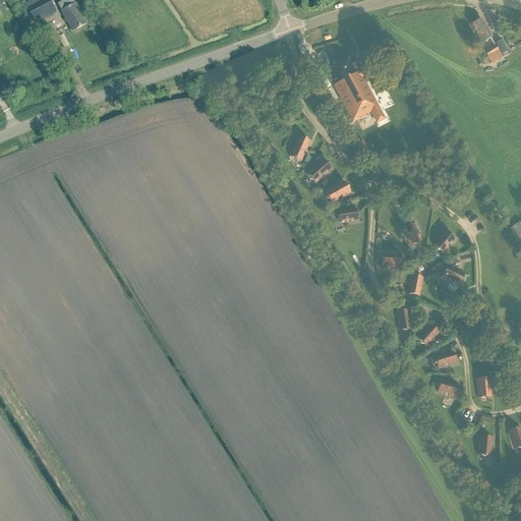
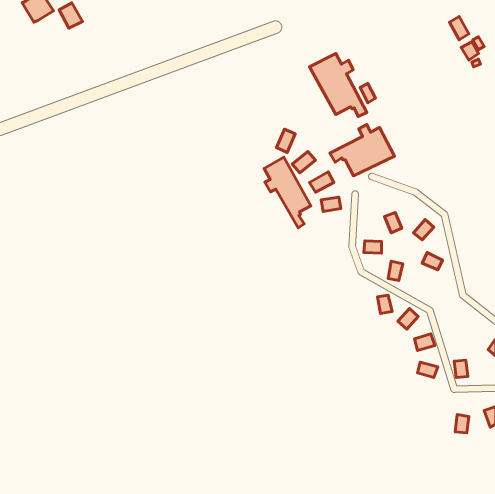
building: none -> [330,124,394,176]
building: none -> [264,157,311,228]

